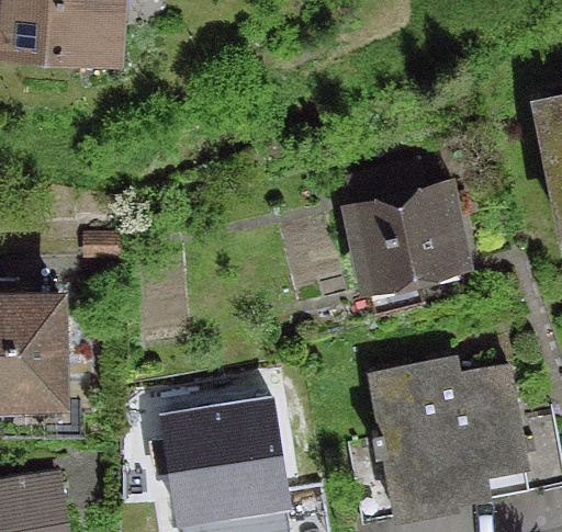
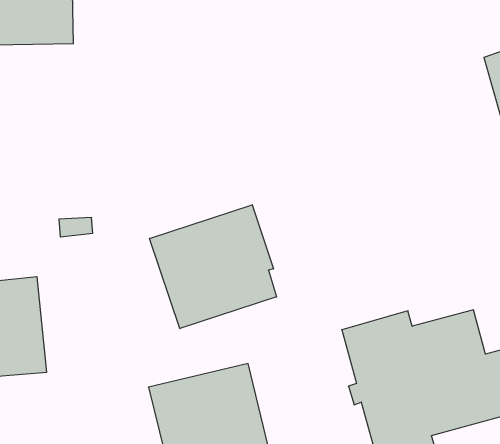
building: [350,162,461,315] -> none
building: none -> [150,205,277,329]

